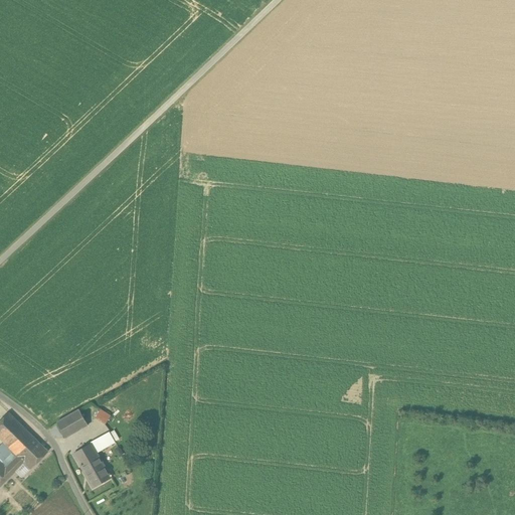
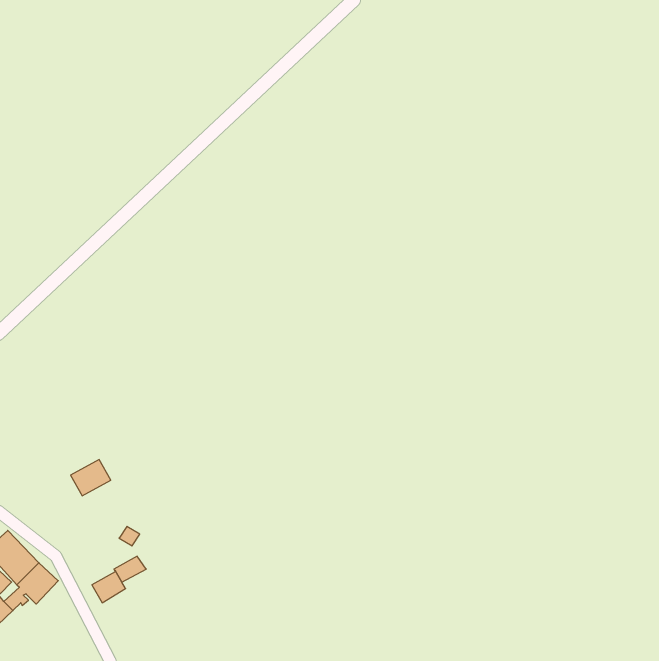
building: [55,409,87,438] -> [71,460,111,496]
building: [79,458,109,488] -> none

